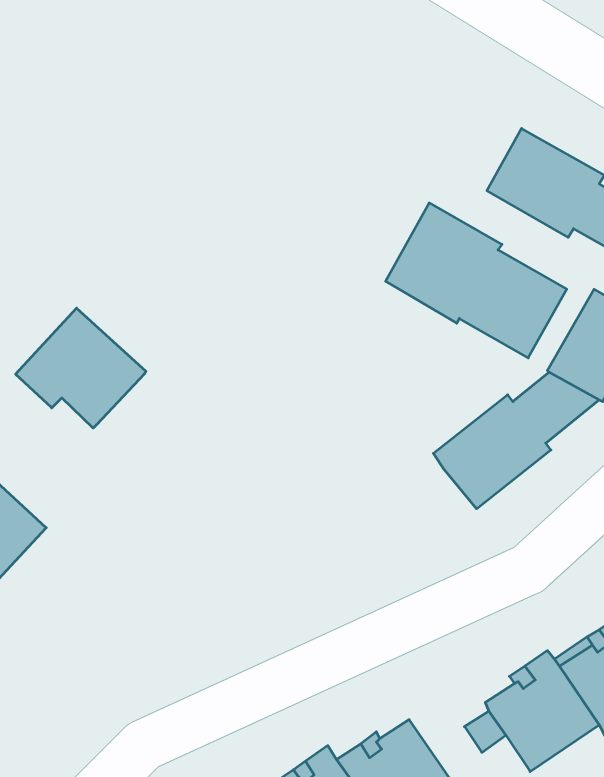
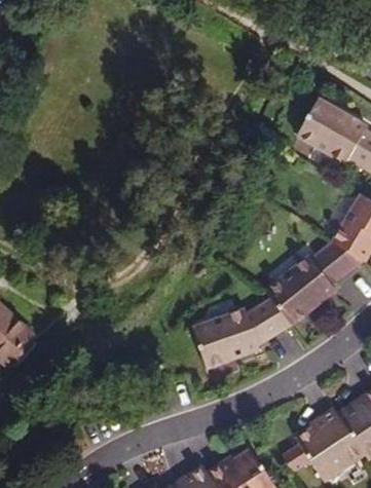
building: [386,203,567,358] -> none
building: [16,308,146,428] -> none
building: none -> [193,301,291,368]

